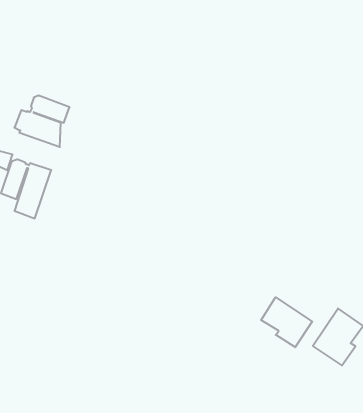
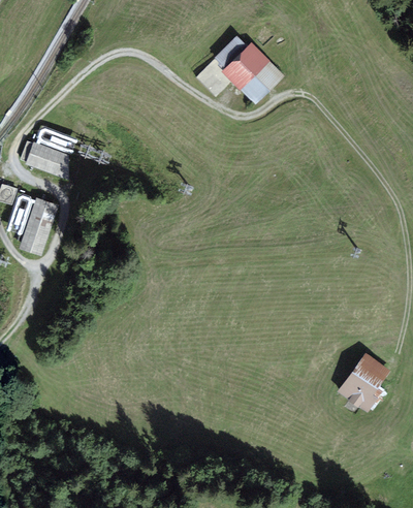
building: none -> [214,35,284,105]
building: [261,297,312,347] -> none

